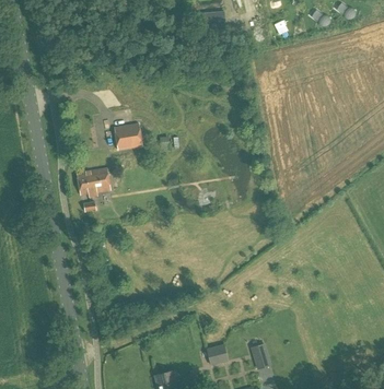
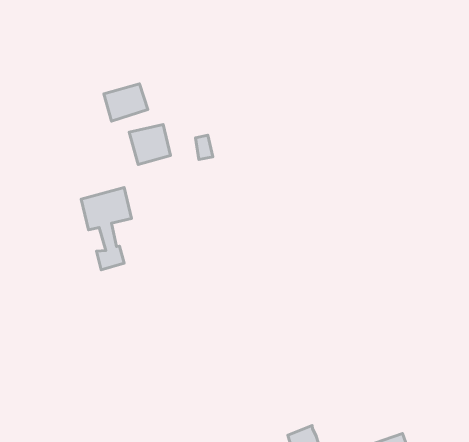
building: none -> [104,84,148,121]

